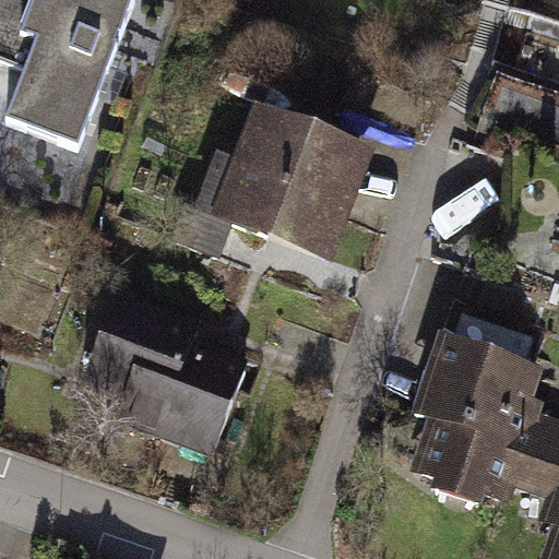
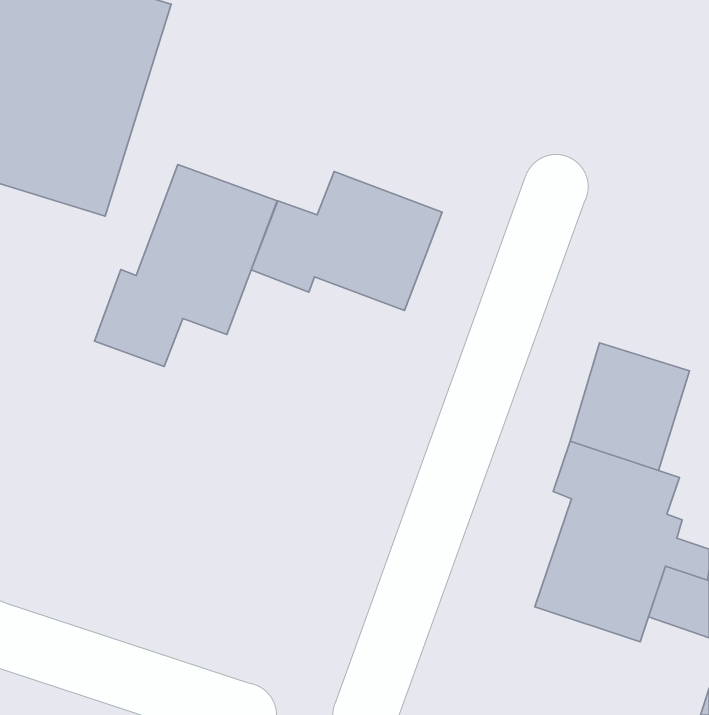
building: none -> [95,164,277,366]
building: [85,302,241,455] -> none

